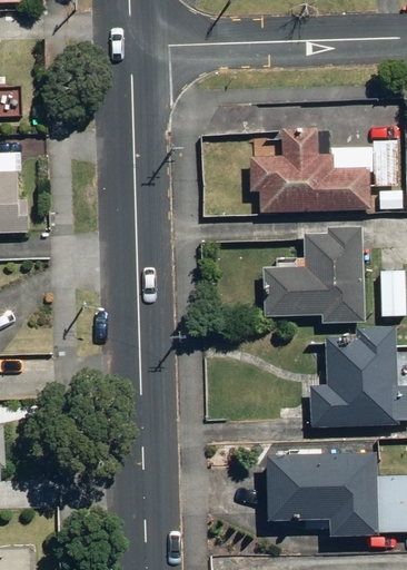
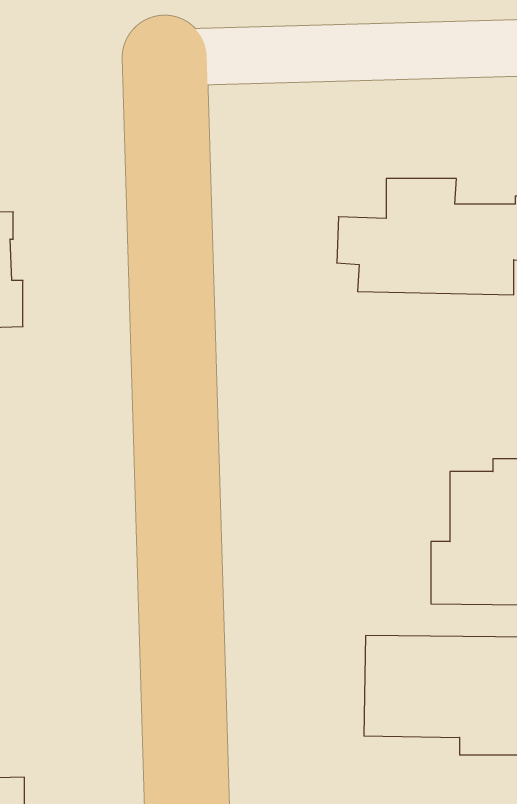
building: [261,226,361,323] -> none

